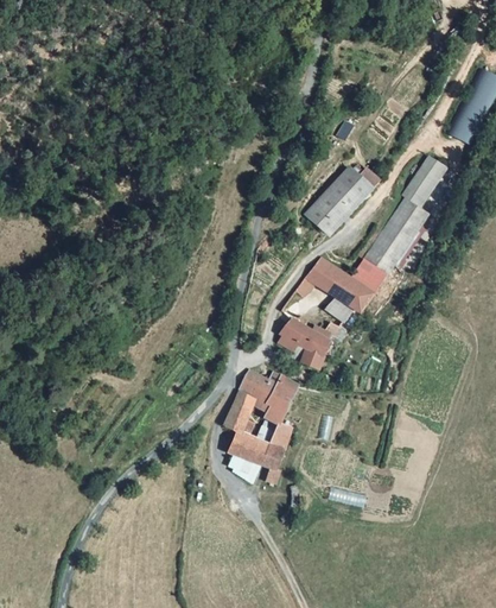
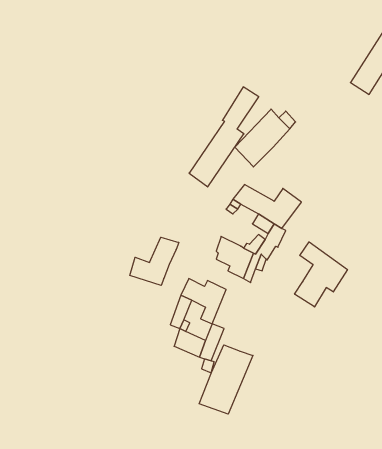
building: [363,156,447,277] -> [189,87,259,187]
building: none -> [130,237,179,285]
building: none -> [295,242,347,307]
building: none -> [199,345,253,414]

